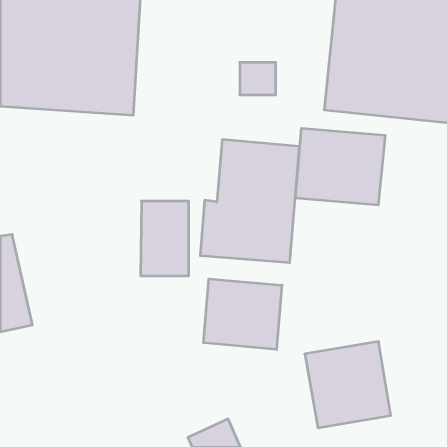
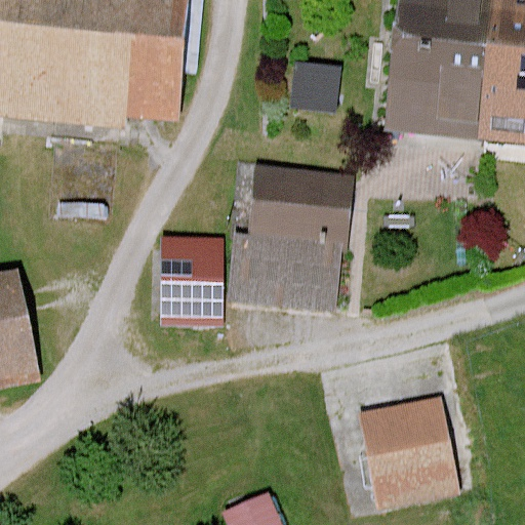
building: [296,128,385,205] -> none
building: [203,279,282,350] -> none

